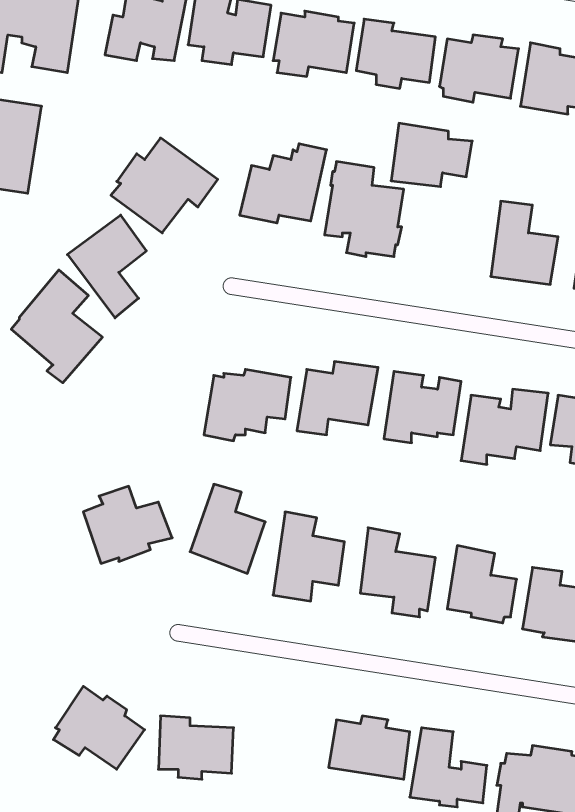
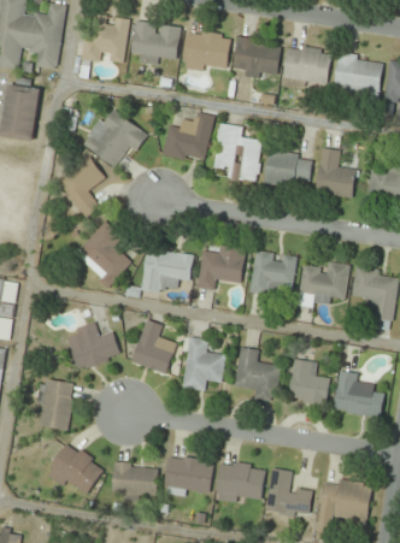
building: [391,123,472,187] -> [263,148,312,187]
building: [11,270,102,383] -> [76,219,131,288]
building: none -> [39,377,73,429]
building: none -> [163,455,214,496]

